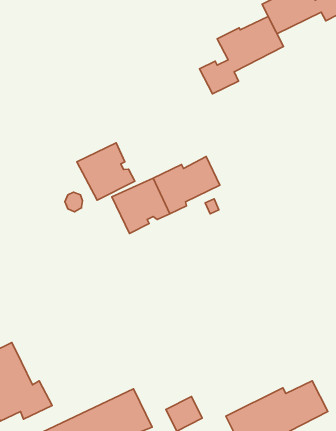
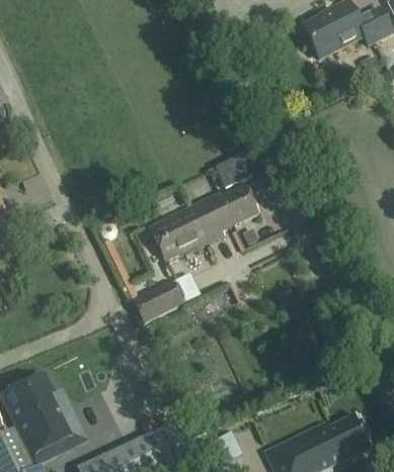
building: [200,16,283,94] -> none
building: [77,143,135,200] -> none
building: none -> [131,279,182,322]

